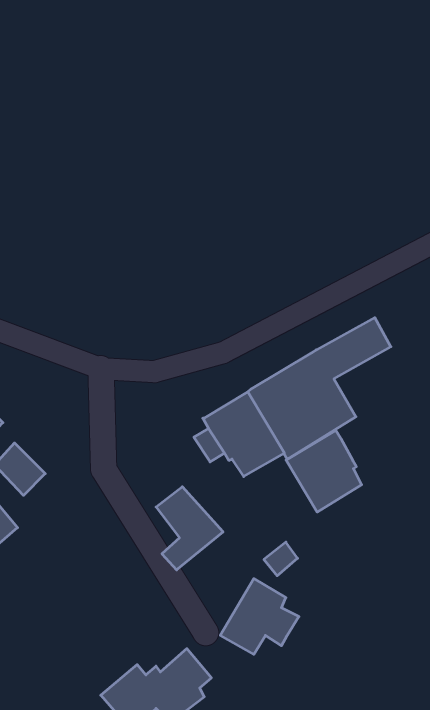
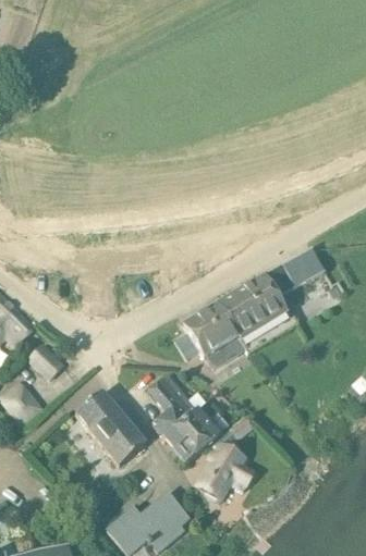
building: [286,430,362,512] -> none
building: none -> [76,391,144,464]
building: none -> [162,408,220,464]

